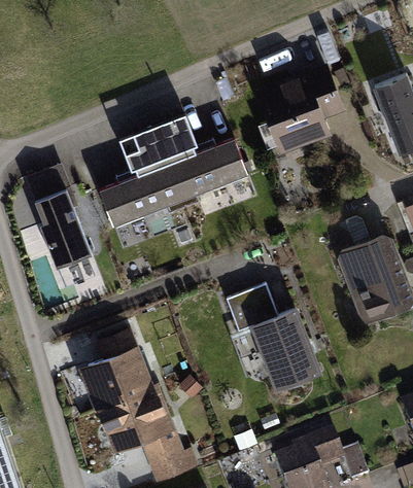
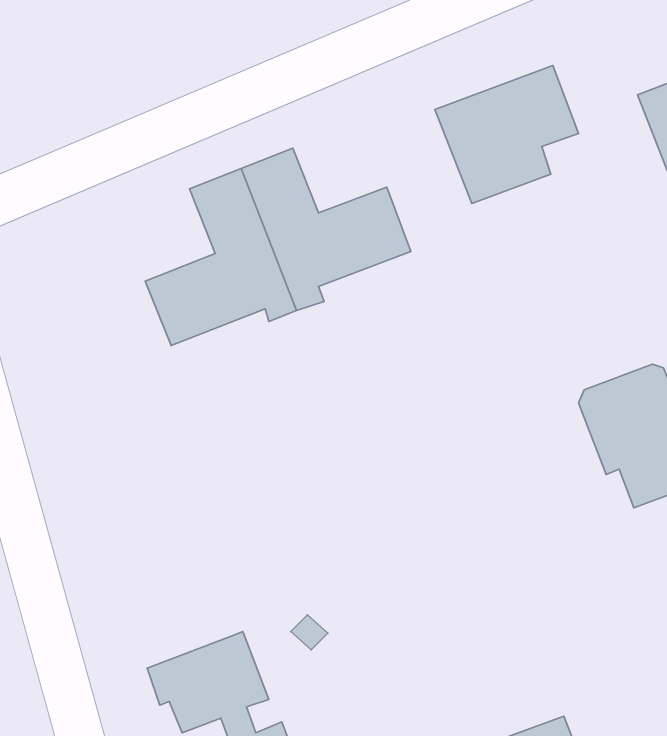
building: [35,189,91,269] -> none
building: [226,284,318,388] -> none
building: [88,332,148,409] -> none

